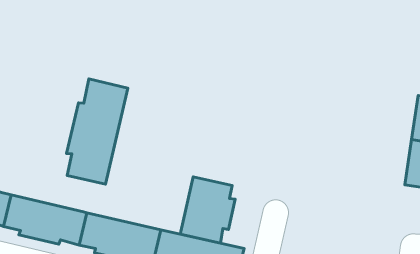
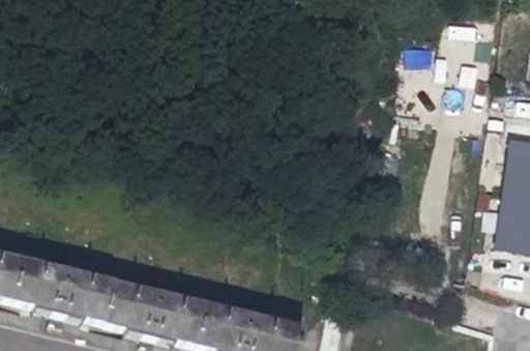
building: [66,79,128,184] -> none
building: [180,177,235,243] -> none

